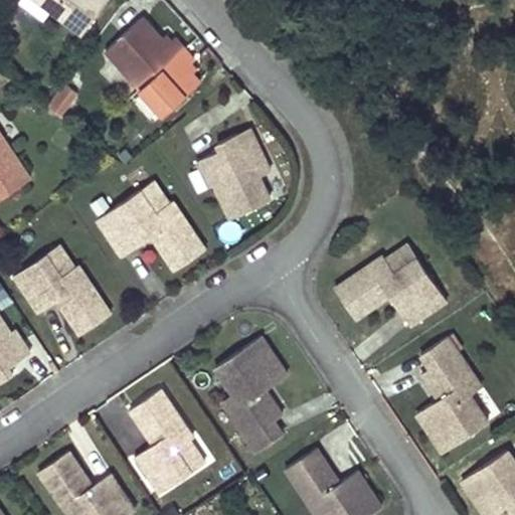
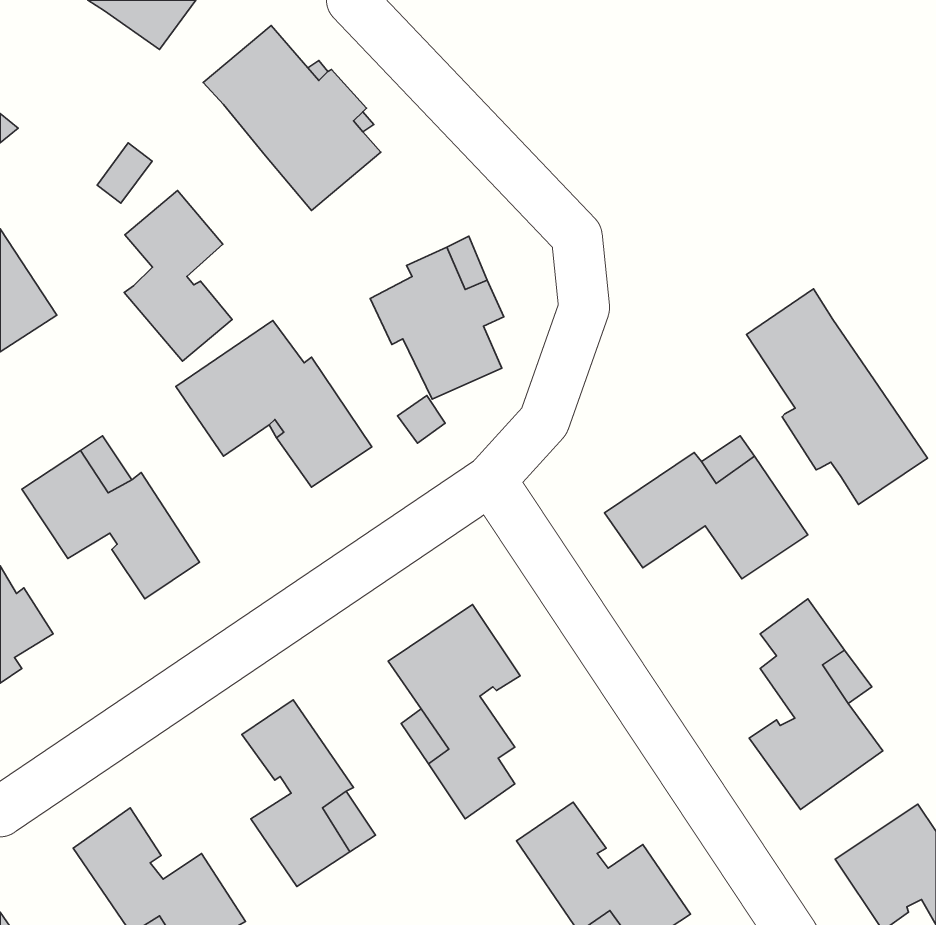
building: none -> [124,191,232,361]
building: none -> [747,289,927,505]

